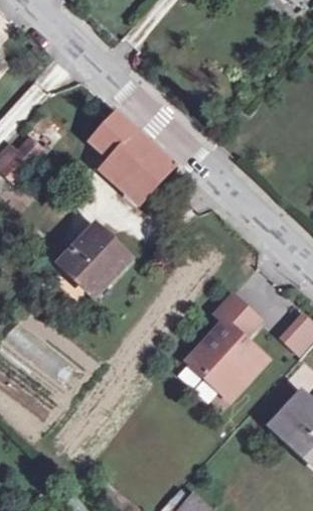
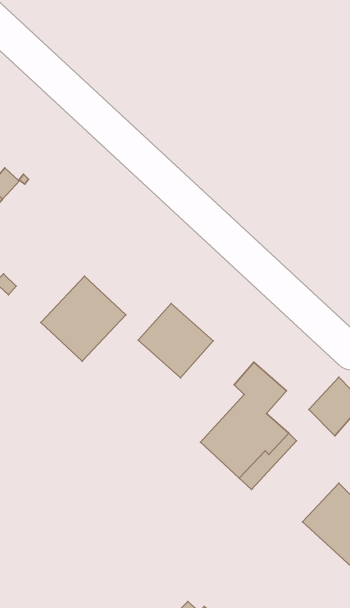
building: [95,114,173,201] -> none
building: none -> [138,303,213,378]

